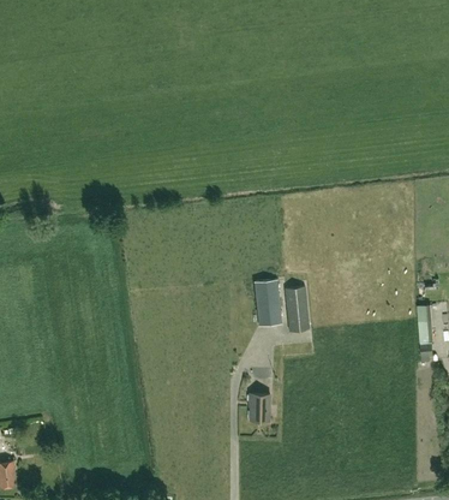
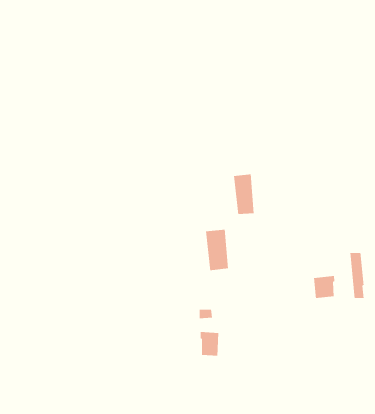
building: [283,286,307,332] -> [233,174,255,214]
building: none -> [314,275,335,299]

